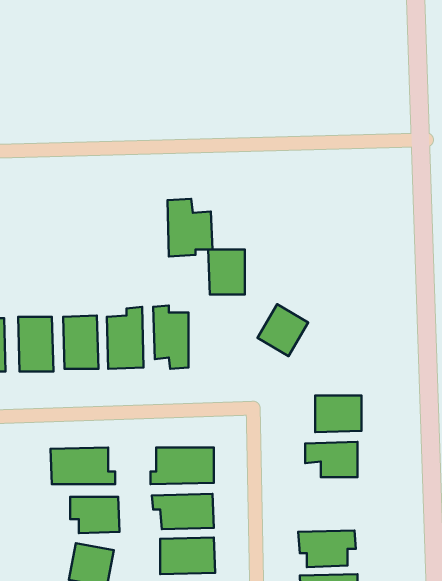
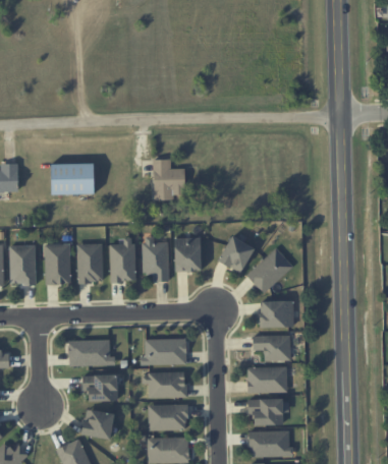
building: none -> [51,163,94,194]
building: [208,250,245,295] -> [174,238,201,271]
building: none -> [246,247,293,293]
building: none -> [246,366,287,393]

